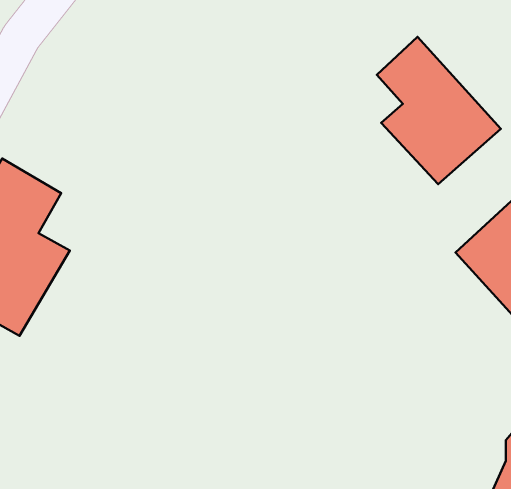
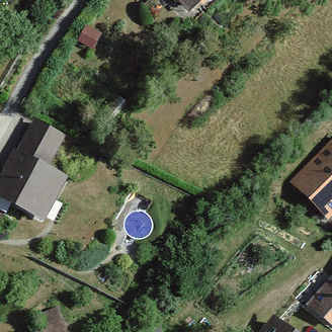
building: [377,37,501,184] -> none

